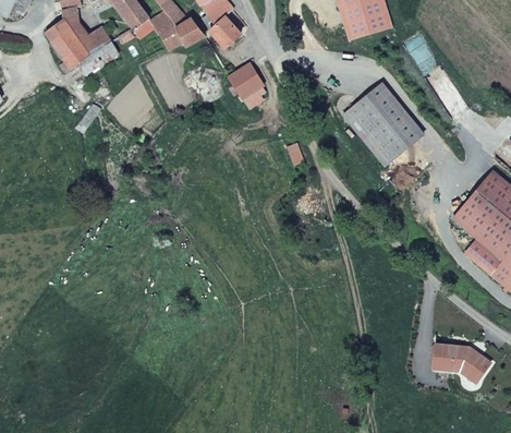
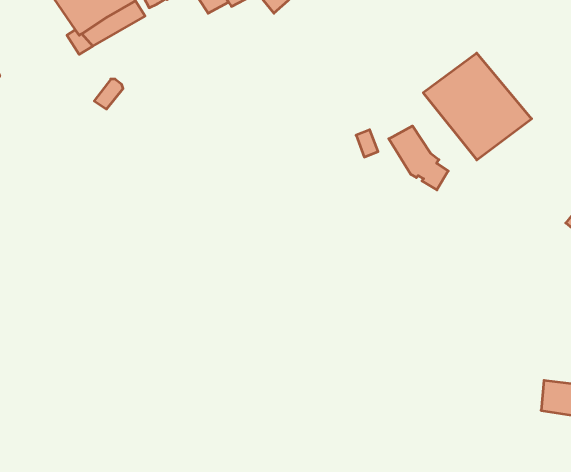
building: [227,62,267,104] -> none
building: none -> [389,126,448,190]

